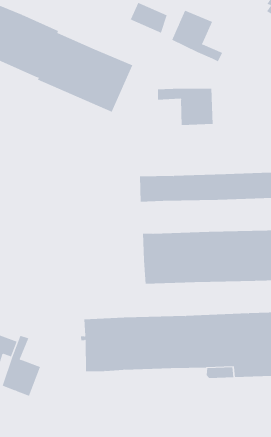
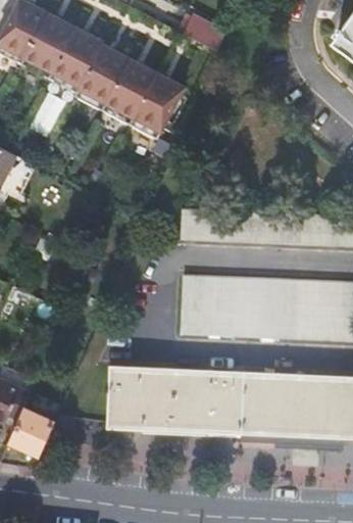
building: [172,10,223,62] -> none
building: [157,88,213,126] -> none

